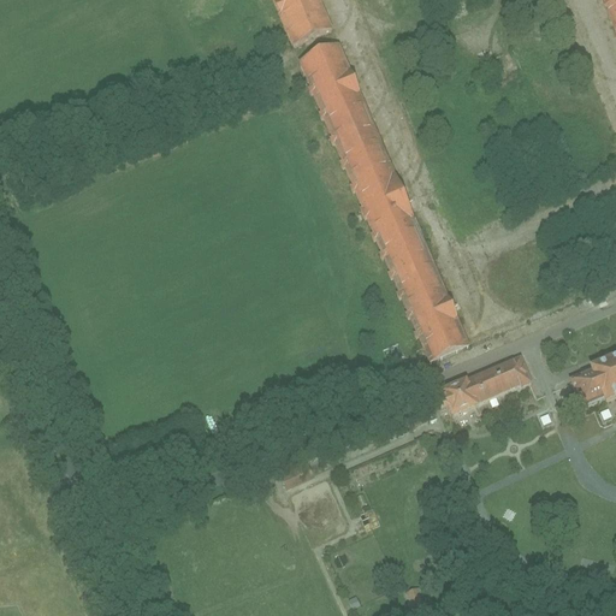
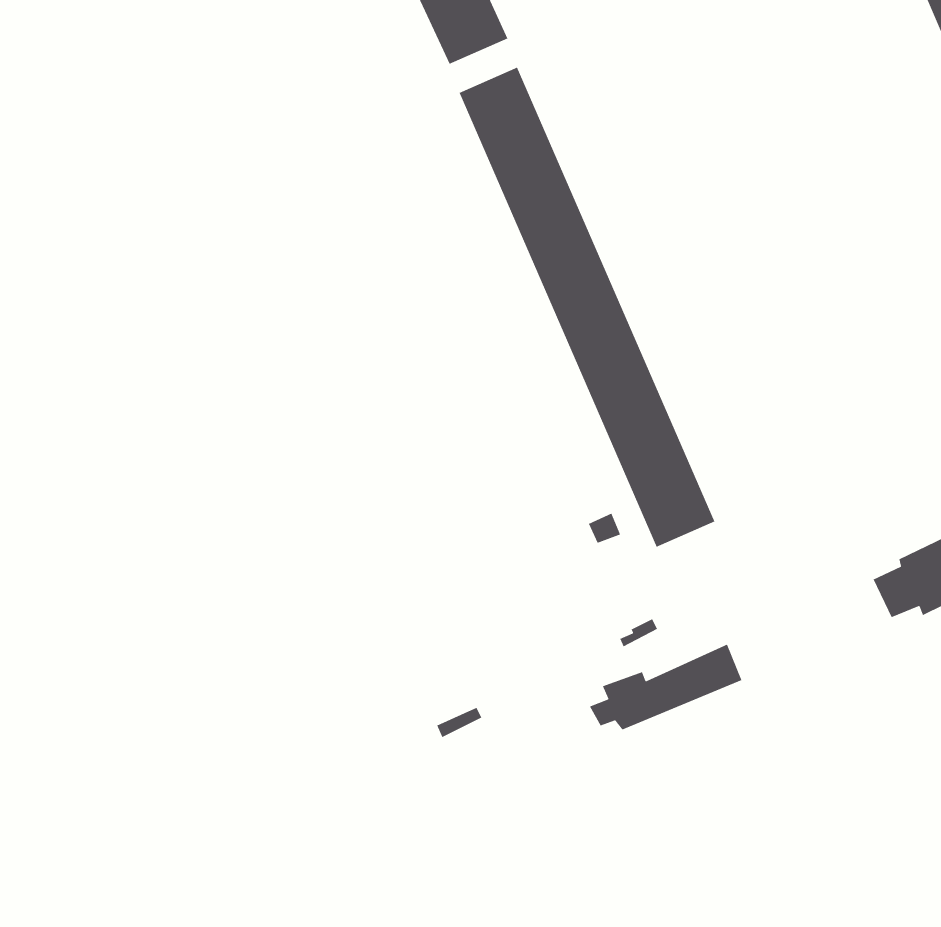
building: [433,354,533,410] -> [589,643,742,730]

